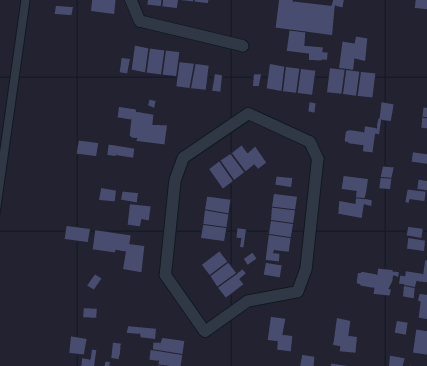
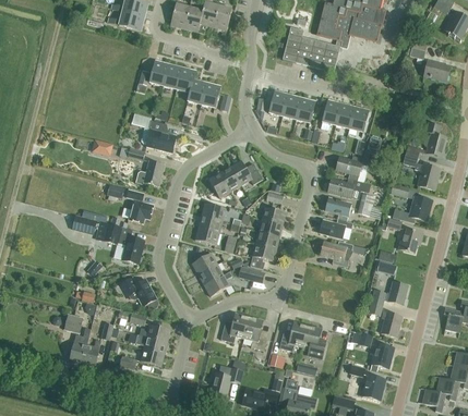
building: [286,30,328,61] -> none
building: [339,36,368,71] -> none
building: none -> [327,179,370,197]
building: none -> [135,160,164,186]
building: [356,268,400,296] -> [317,241,358,267]
building: none -> [119,278,158,309]
building: none -> [220,313,249,343]
building: none -> [279,321,308,352]

